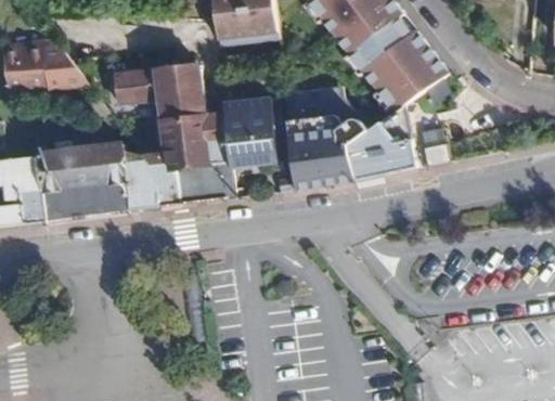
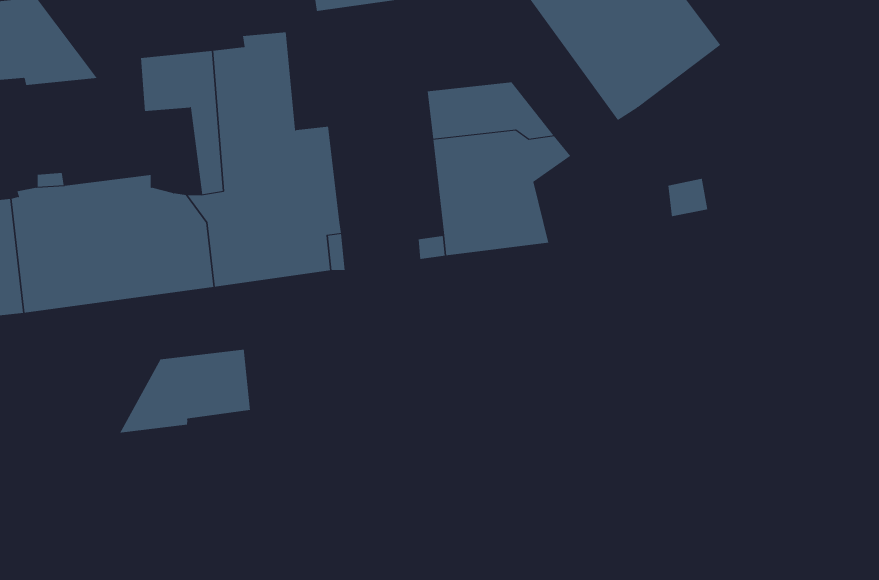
building: [223,99,276,170] -> none
building: [345,103,414,182] -> none
building: none -> [119,349,250,434]

